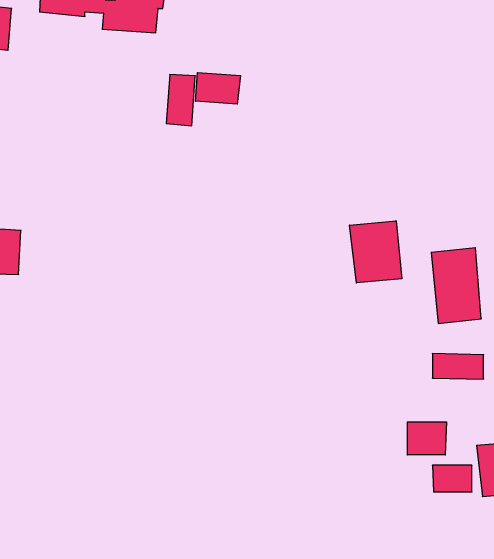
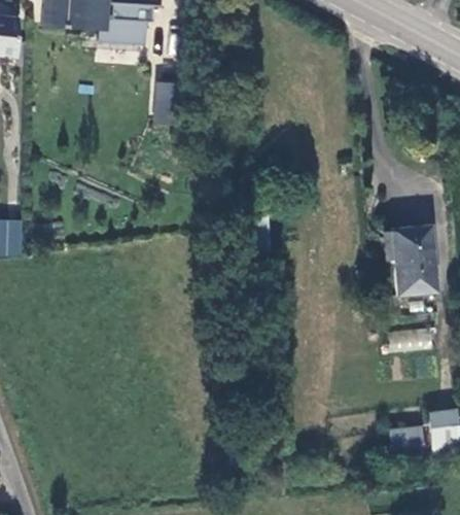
building: [195,73,241,104] -> none
building: [350,221,402,283] -> none
building: [407,422,446,455] -> none

